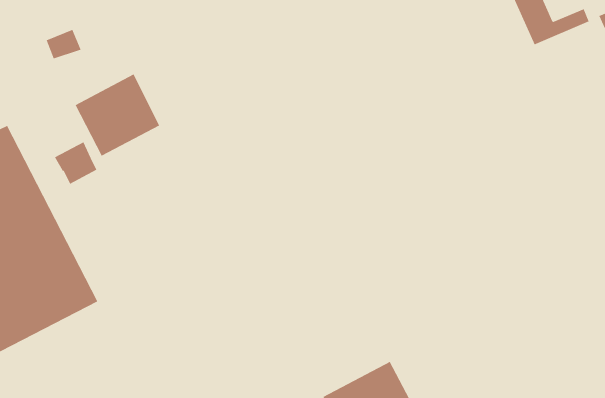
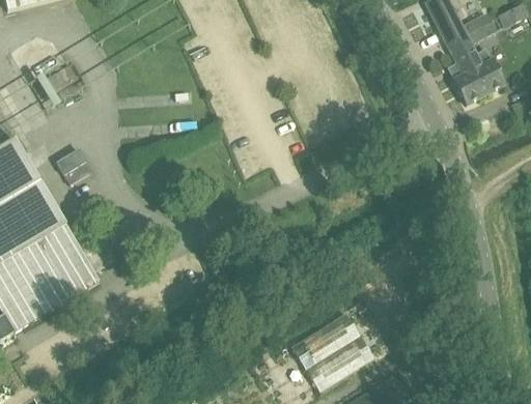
building: none -> [445,21,502,104]
building: [75,74,160,156] -> none

